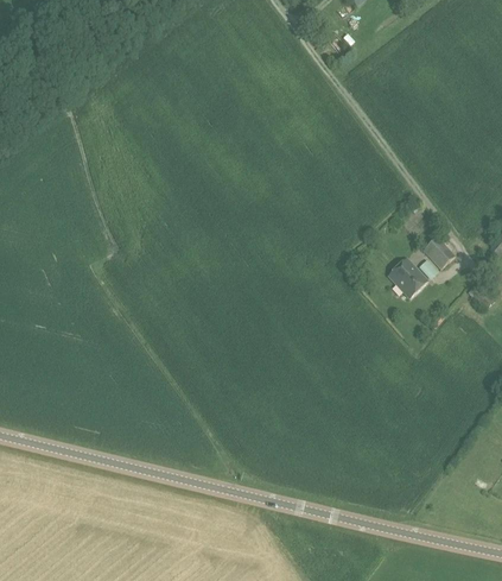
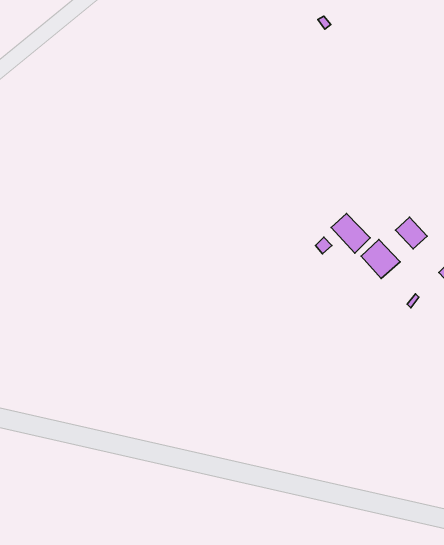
building: none -> [331,213,370,253]

